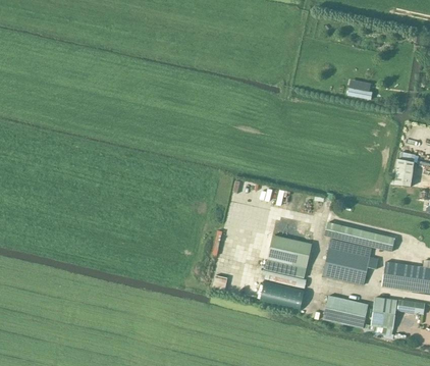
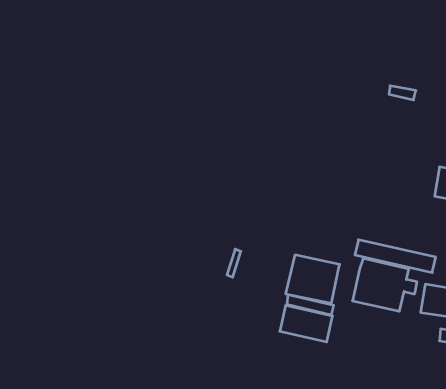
building: [322,296,368,328] -> none
building: [370,297,396,328] -> none

